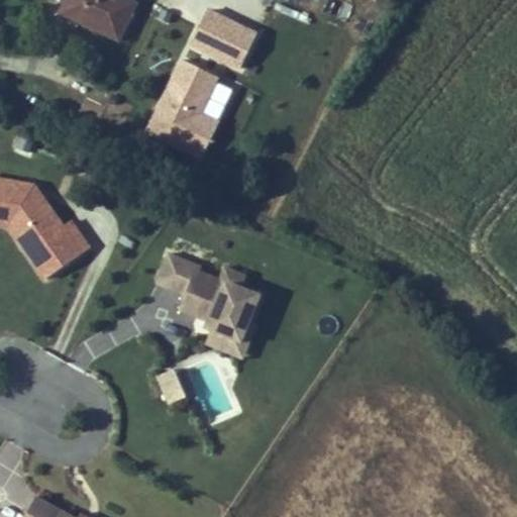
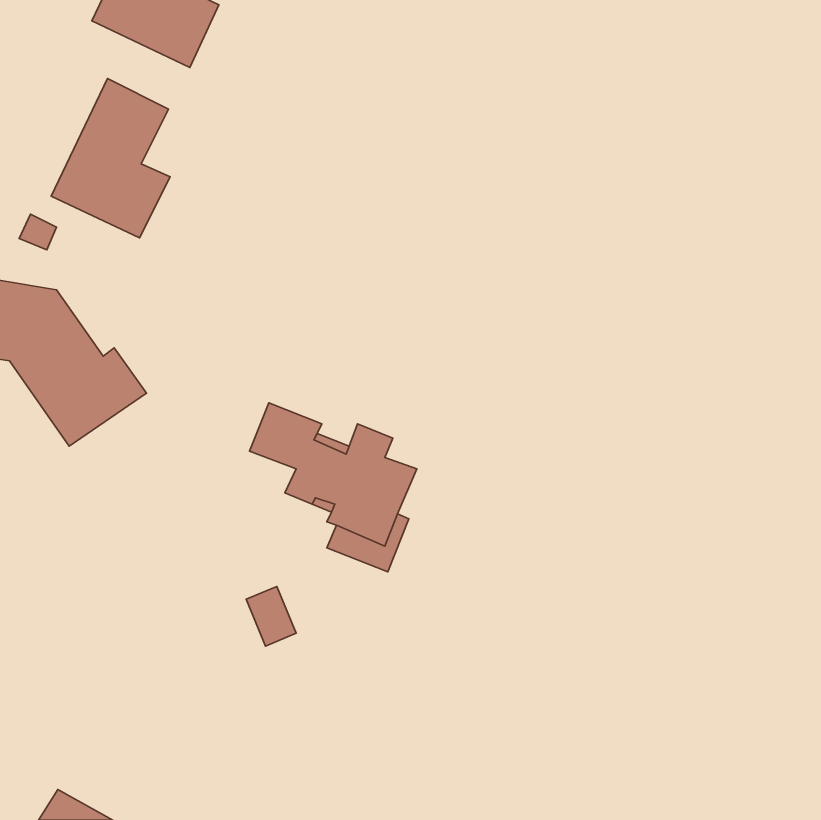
building: [188,8,257,71] -> none
building: [144,60,219,160] -> [51,78,170,238]

